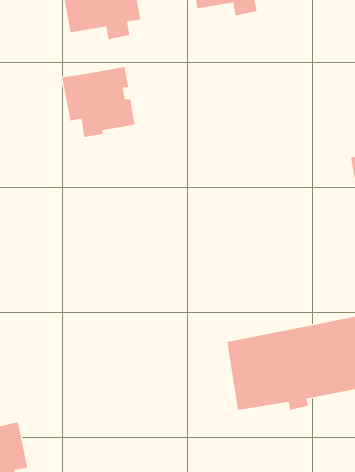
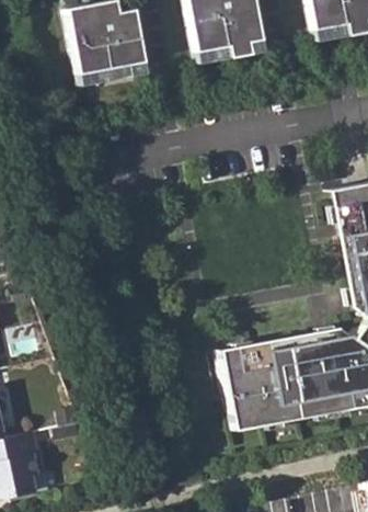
building: [62,66,135,138] -> none

